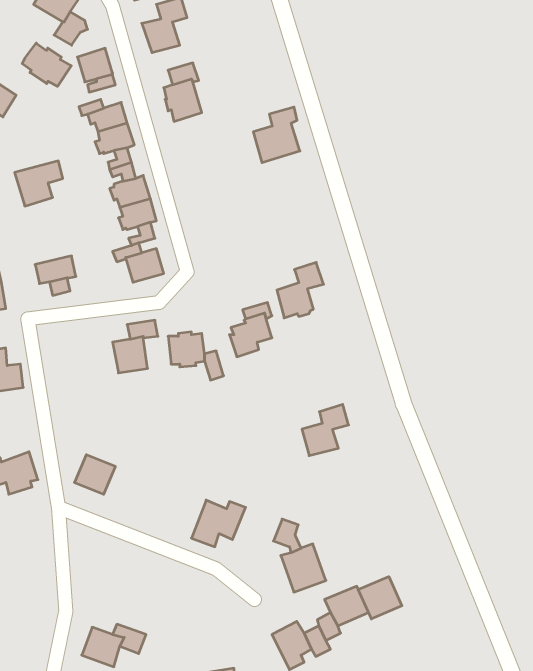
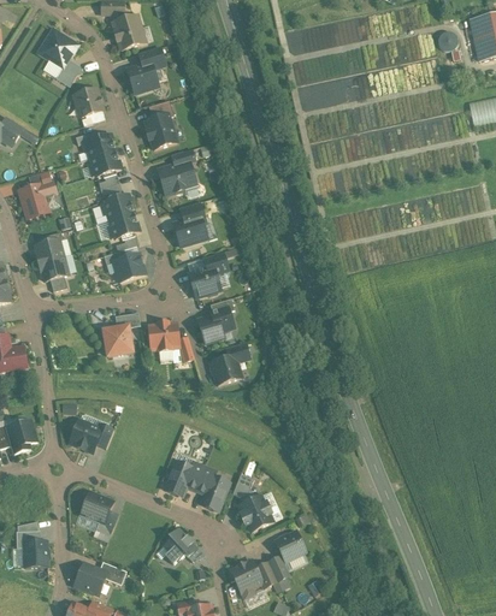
building: [22,43,71,86] -> none
building: [253,107,300,163] -> [157,148,195,194]
building: none -> [172,201,205,245]
building: none -> [33,239,67,266]
building: [277,262,324,318] -> [188,250,226,296]
building: [302,404,349,456] -> [209,340,248,383]
building: none -> [200,466,232,513]
building: none -> [82,492,117,543]
building: [358,577,402,619] -> none
building: none -> [14,527,46,565]
building: none -> [166,527,207,564]

